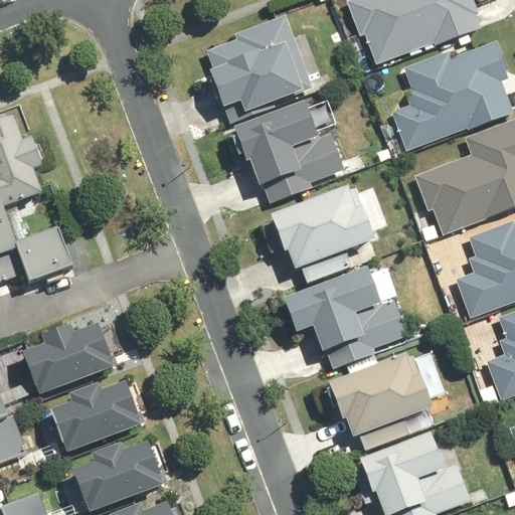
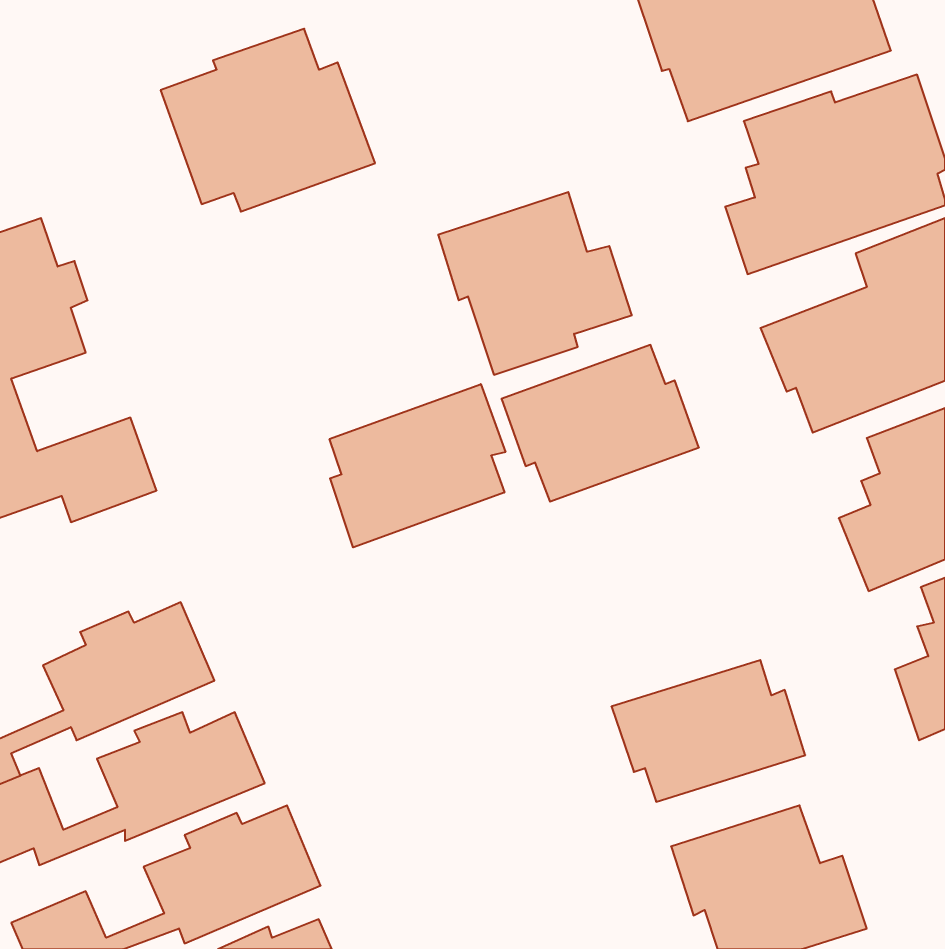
building: [204,16,320,115] -> [161,29,375,212]
building: none -> [330,384,505,547]
building: [284,268,404,369] -> none

